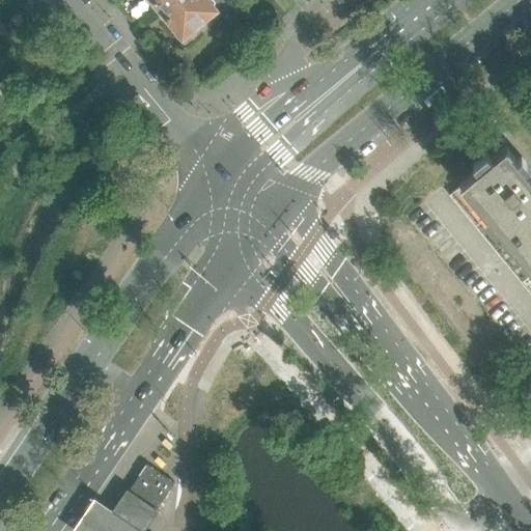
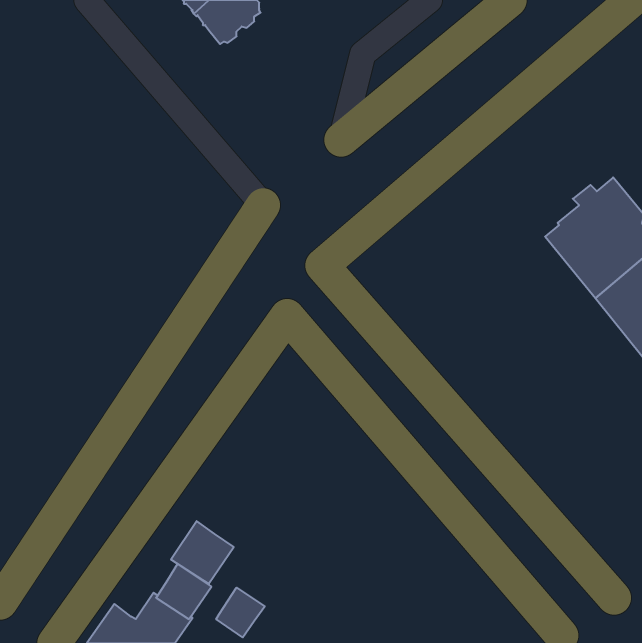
building: none -> [171,521,234,584]
building: none -> [216,588,265,637]

